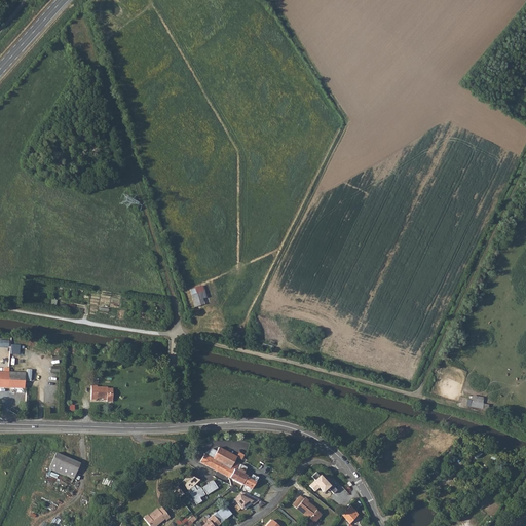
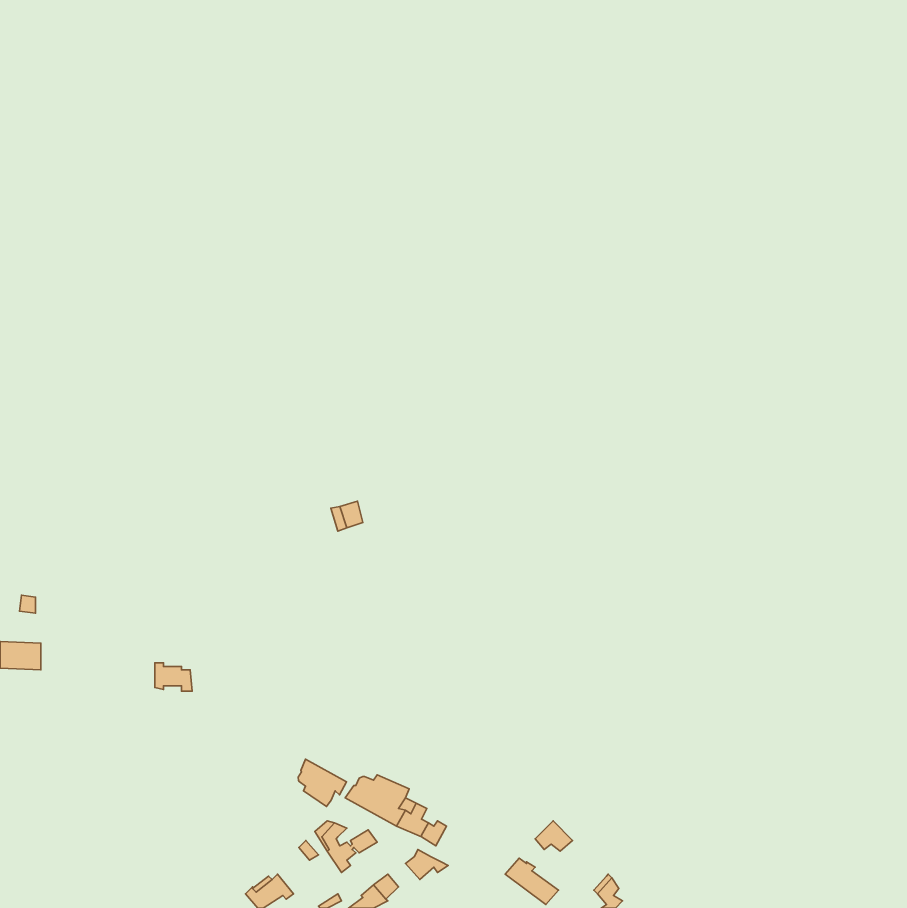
building: none -> [298,759,347,806]
building: [50,453,81,480] -> none

